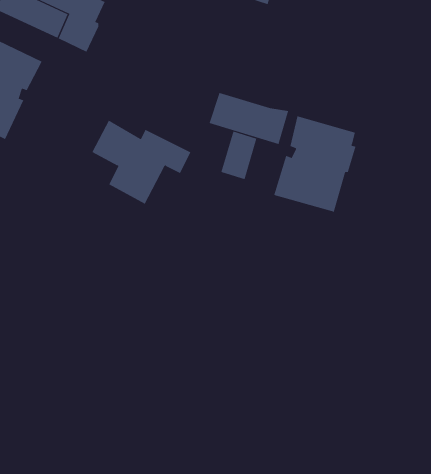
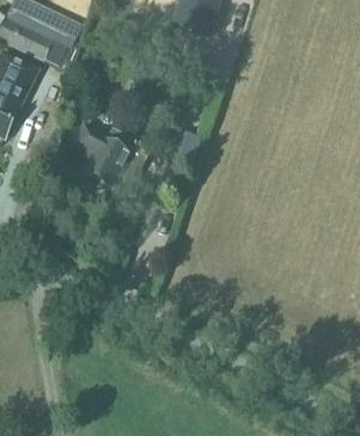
building: [209,92,289,145] -> none
building: [273,115,356,212] -> none

